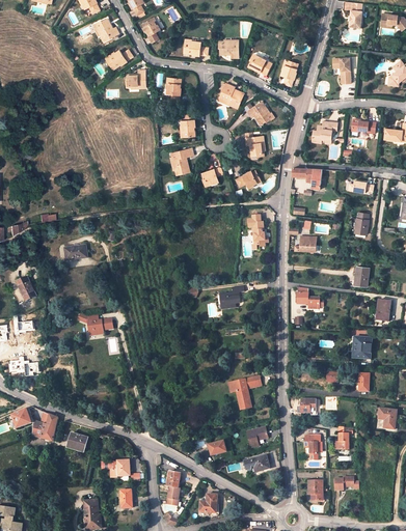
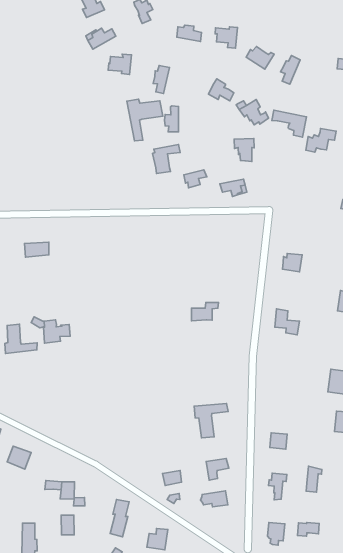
building: none -> [127,99,163,141]
building: [291,167,322,189] -> [272,110,307,137]
building: [246,215,269,248] -> none
building: none -> [5,324,37,353]

